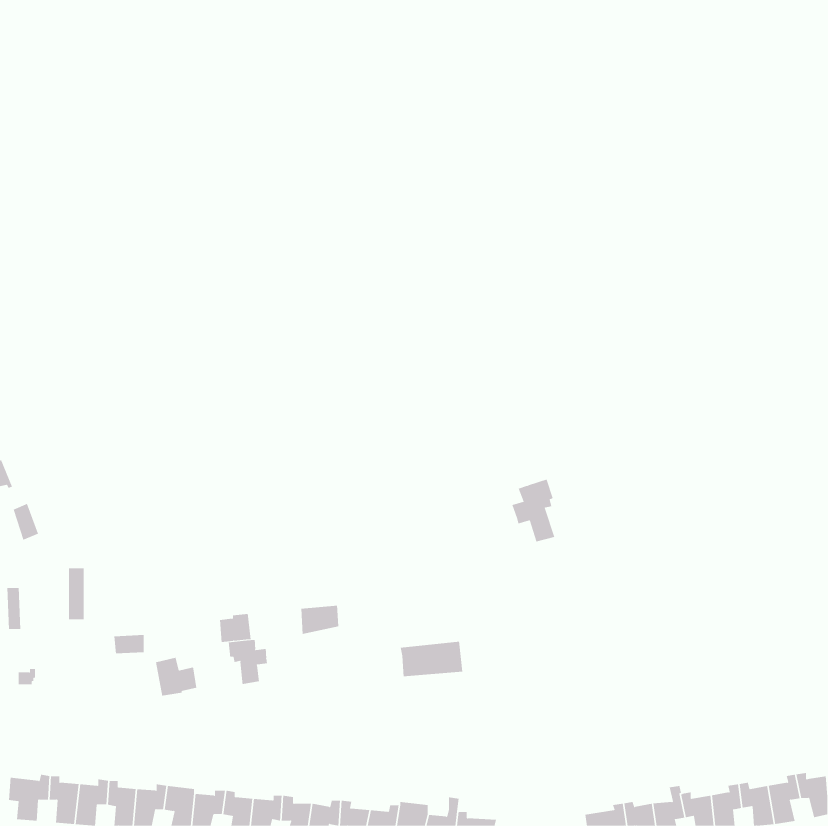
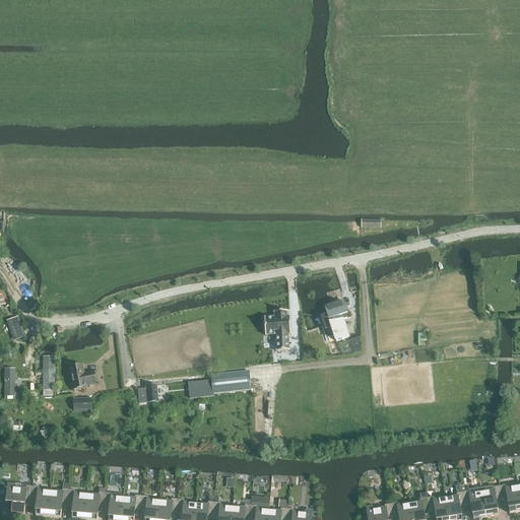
building: none -> [263,310,289,349]
building: [228,639,268,685] -> none
building: [400,641,463,677] -> [210,370,250,392]
building: [155,657,197,696] -> [68,364,94,388]

